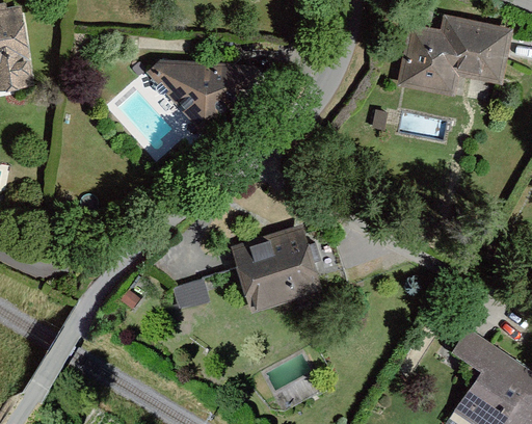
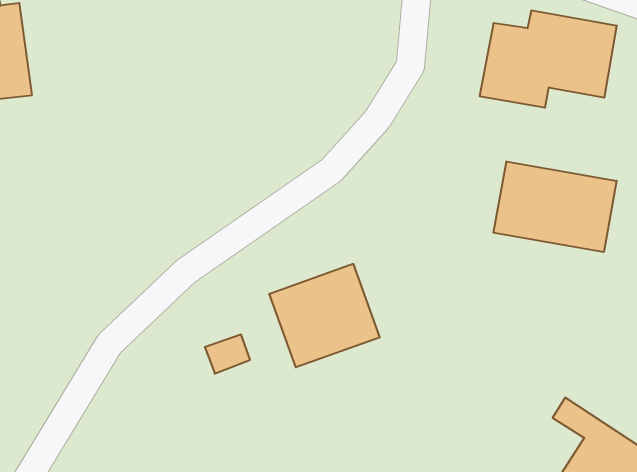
building: [144,59,257,133] -> none
building: none -> [494,161,617,252]

